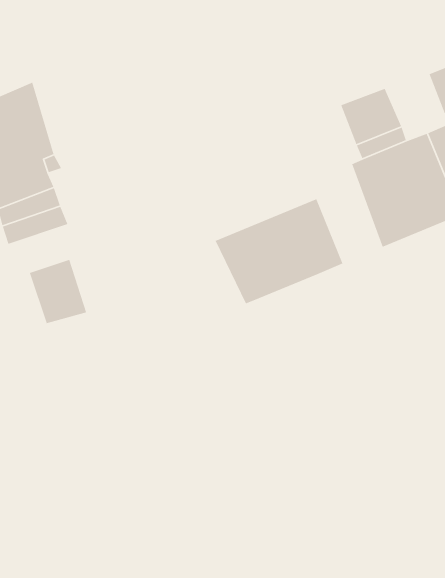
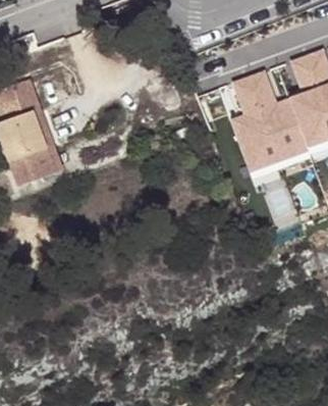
building: [215,198,343,304] -> none
building: [29,259,87,324] -> none

